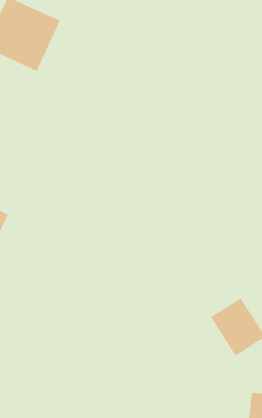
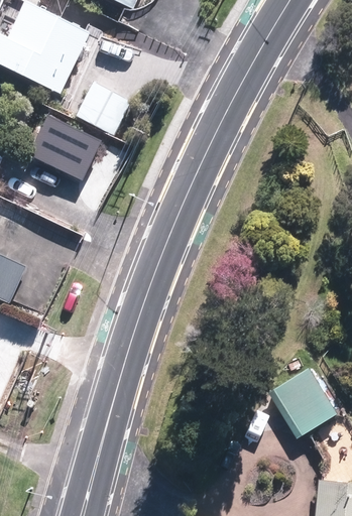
building: none -> [76,81,131,132]
building: none -> [26,109,81,170]

